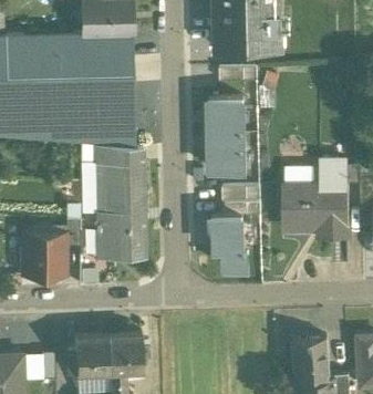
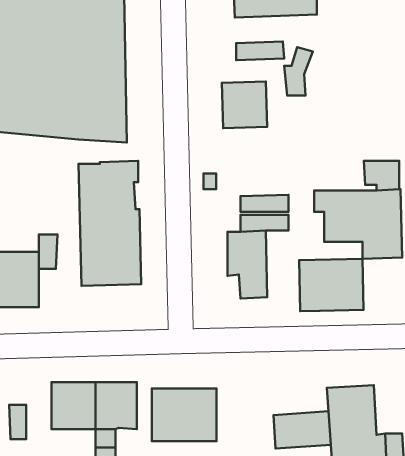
building: [208,135,244,172] -> none
building: [95,145,143,164] -> none
building: none -> [299,259,363,311]
building: none -> [152,388,217,441]
building: none -> [273,411,331,449]

